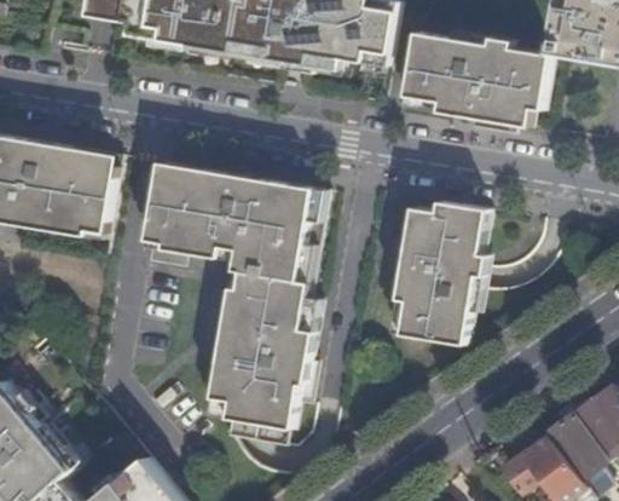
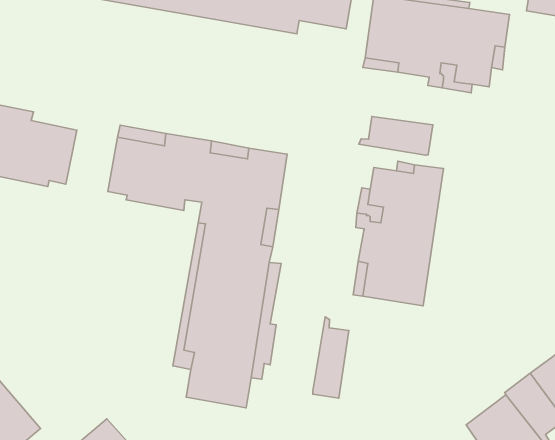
building: none -> [359,116,433,155]
building: none -> [313,317,349,398]

